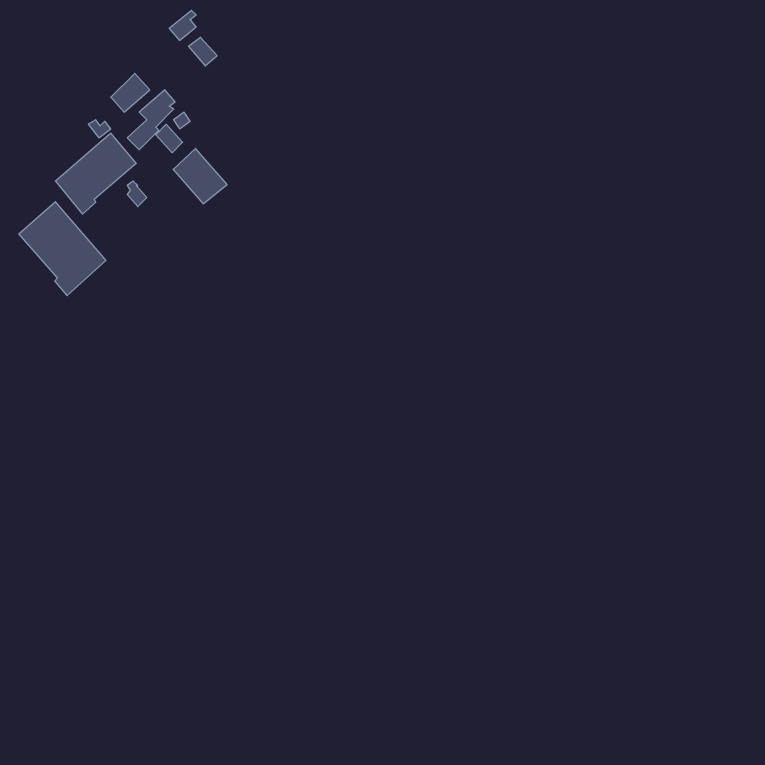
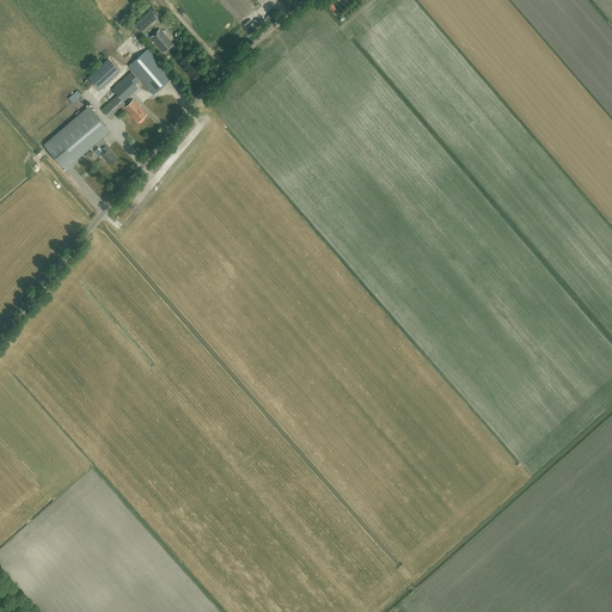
building: [173,148,227,204] -> [129,49,172,93]
building: [19,202,106,296] -> none

